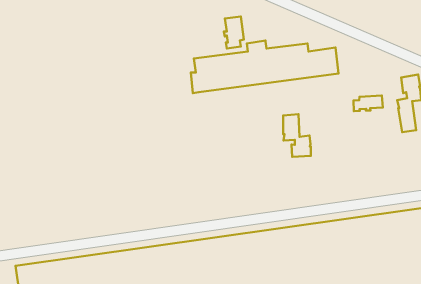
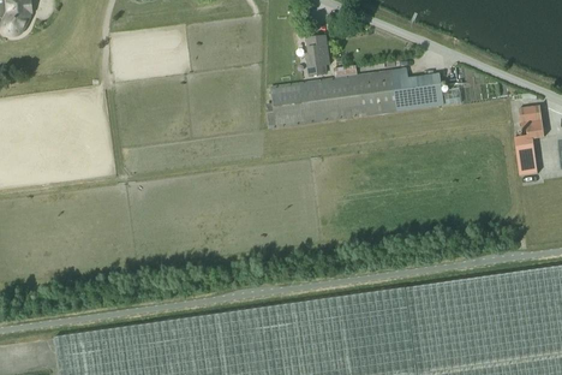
building: [353,95,383,111] -> none
building: [283,114,311,157] -> none

